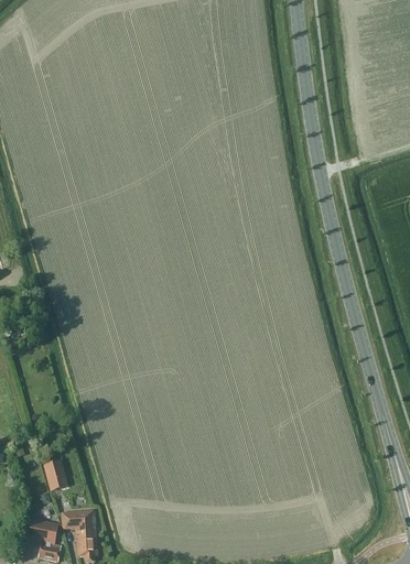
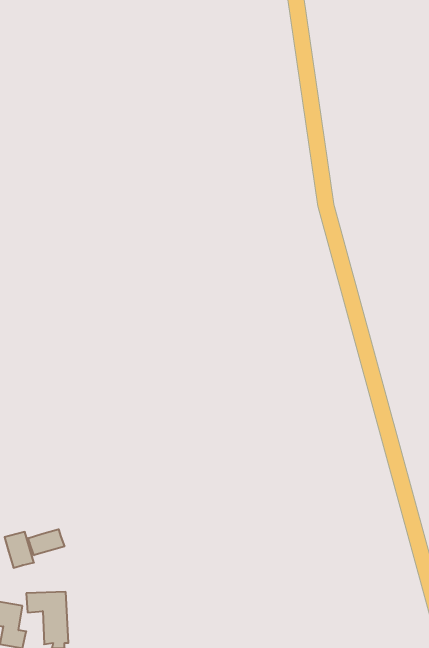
building: none -> [28,529,64,555]

